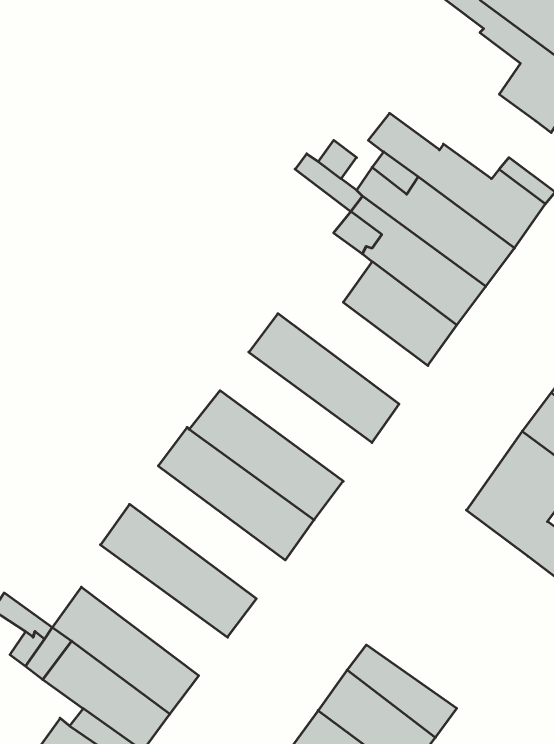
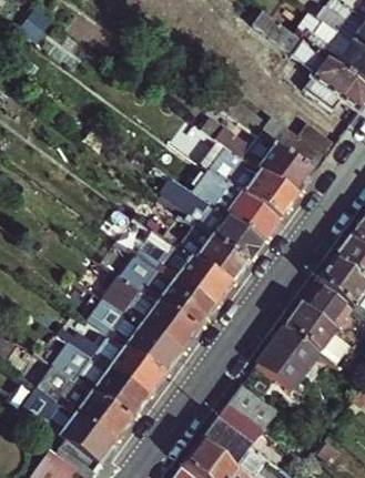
building: none -> [151,172,260,267]
building: none -> [140,237,227,312]
building: none -> [88,303,178,379]
building: none -> [253,328,317,394]
building: none -> [54,348,144,424]
building: none -> [224,387,288,443]

